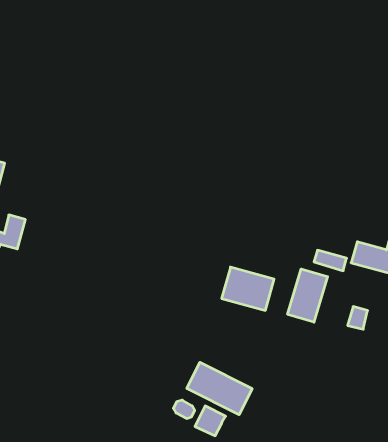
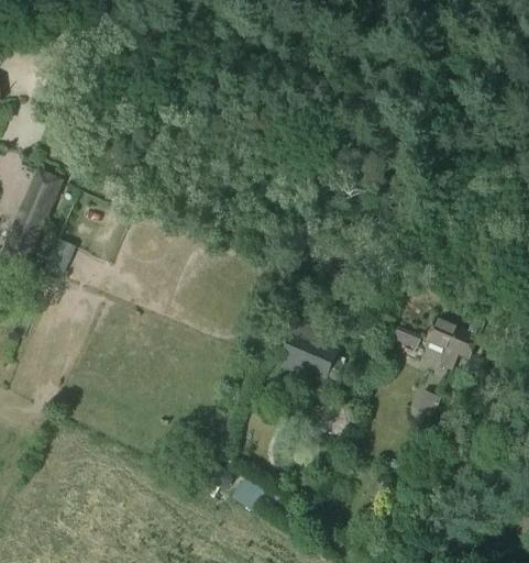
building: [288,269,328,322] -> none
building: [187,362,252,415] -> none

